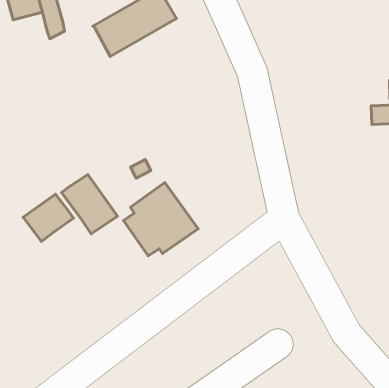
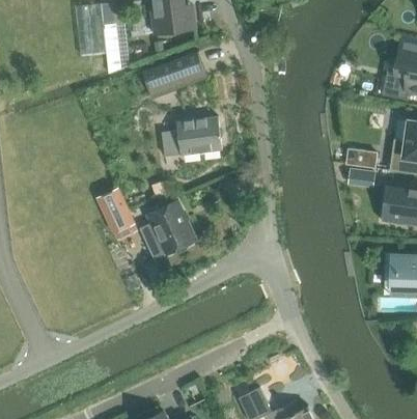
building: none -> [160,116,222,156]
building: [23,194,74,241] -> none

